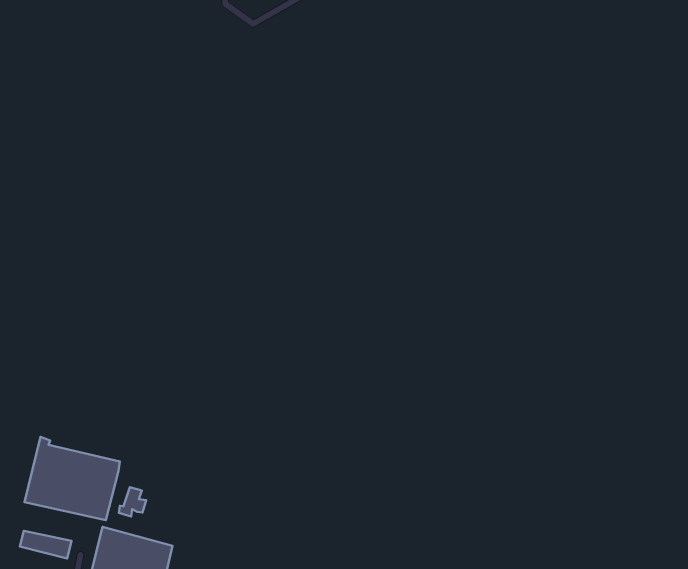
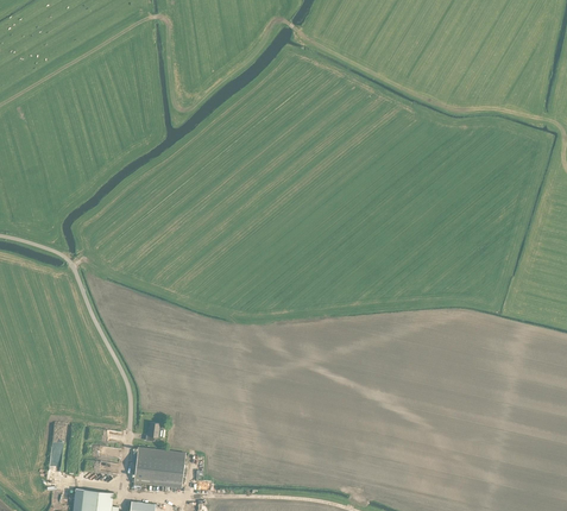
building: [24,437,120,520] -> none

